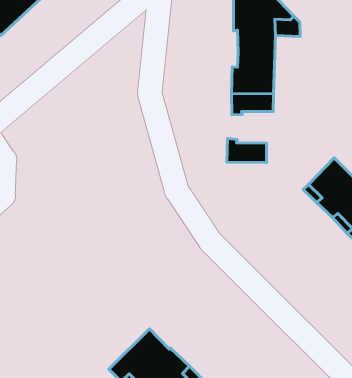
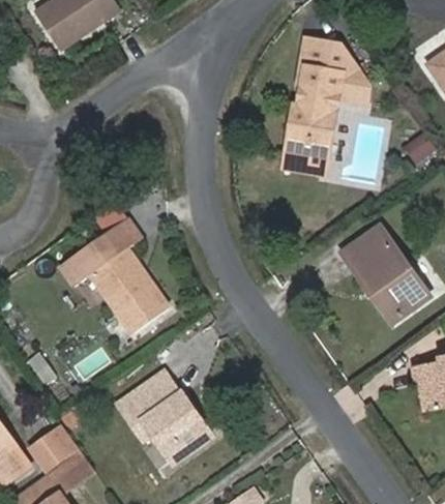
building: [227,139,266,163] -> none
building: none -> [60,217,169,333]

